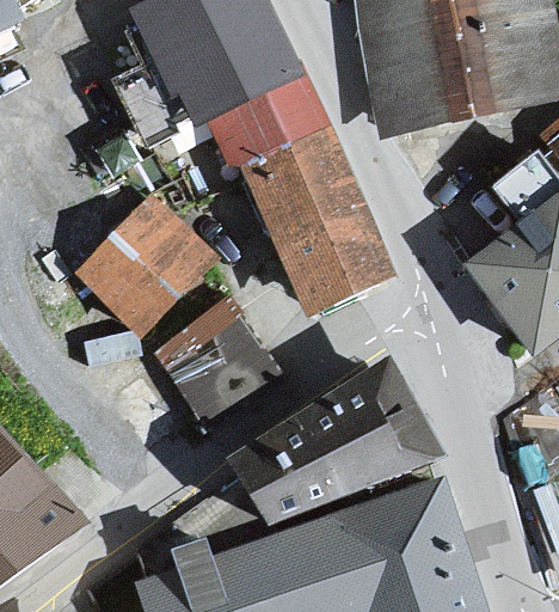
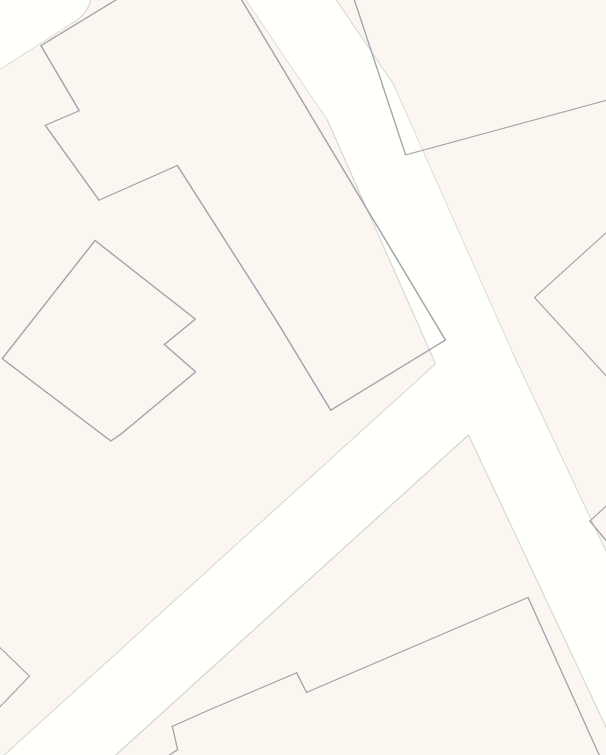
building: [155,284,280,422] -> none
building: [185,368,449,545] -> none

